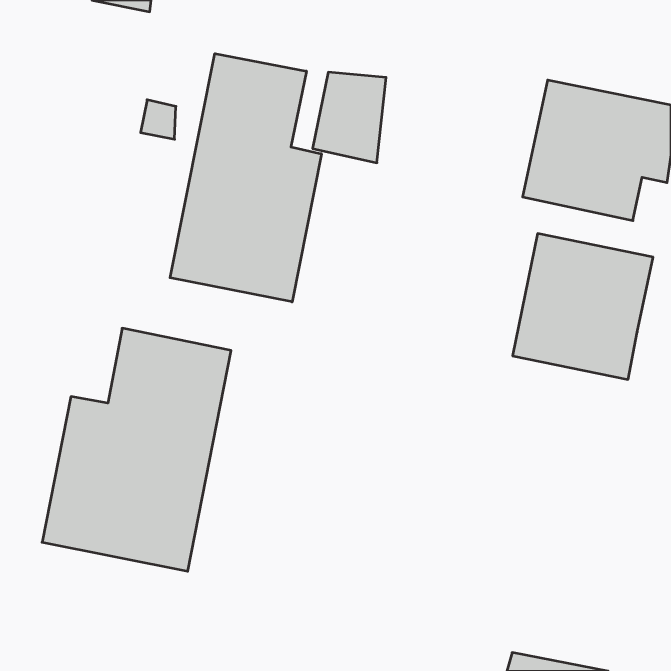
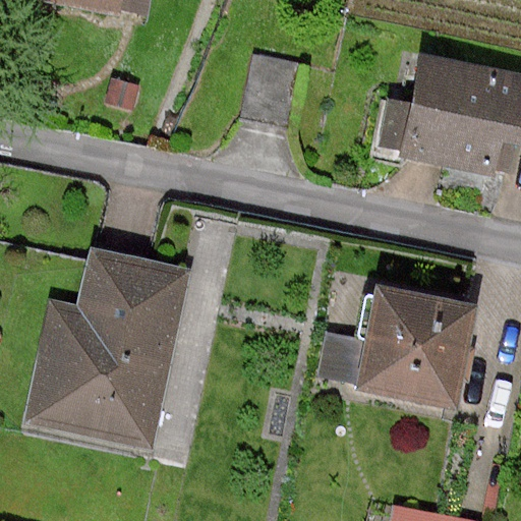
building: [170,54,321,302] -> none
building: [513,234,653,379] -> [363,289,472,402]

